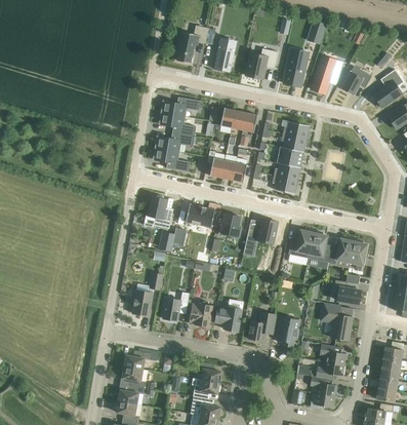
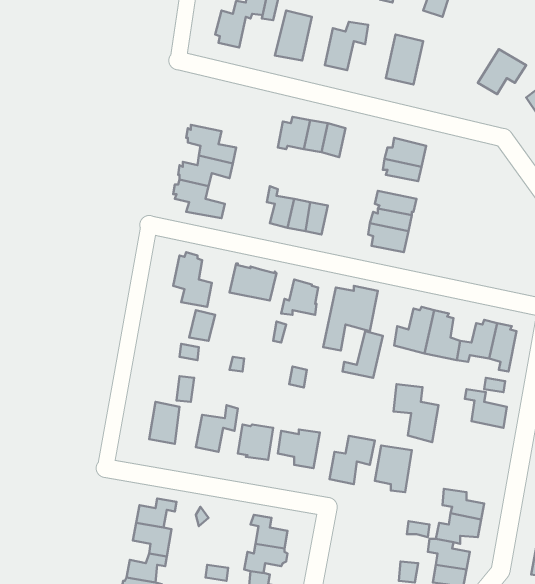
building: [310,57,342,91] -> none
building: [159,96,195,117] -> none
building: [324,304,353,341] -> [393,384,439,442]

